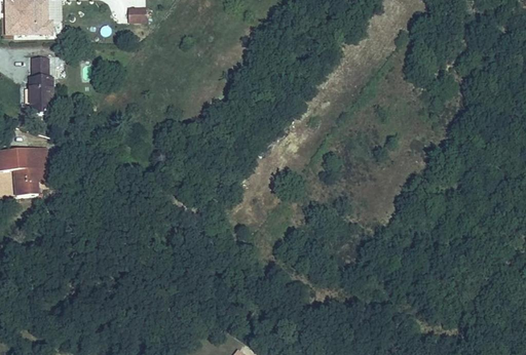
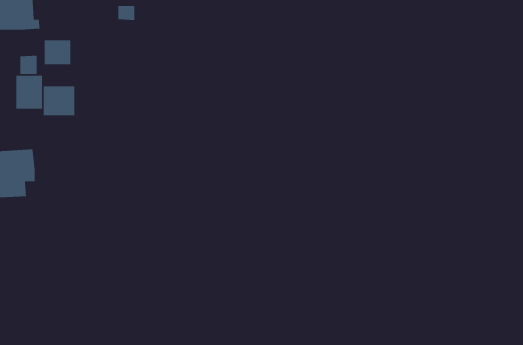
building: none -> [44,40,71,65]
building: none -> [43,86,75,116]

